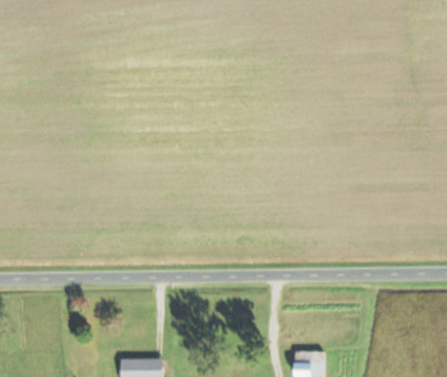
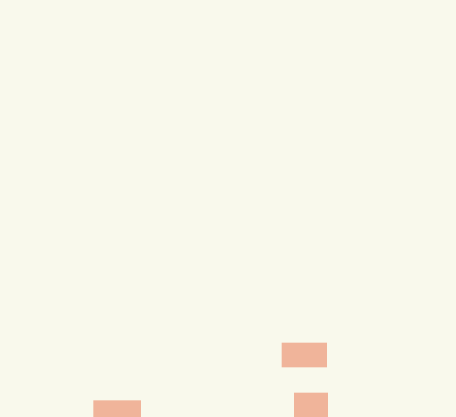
building: none -> [281,342,327,368]

